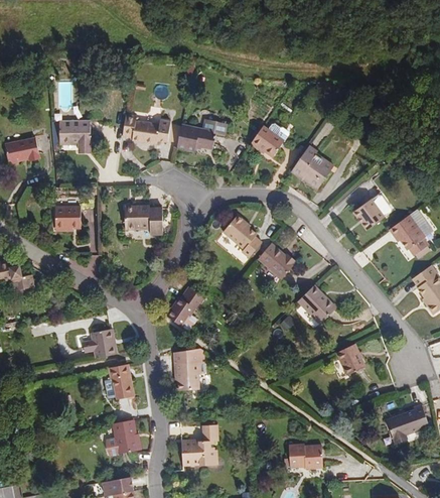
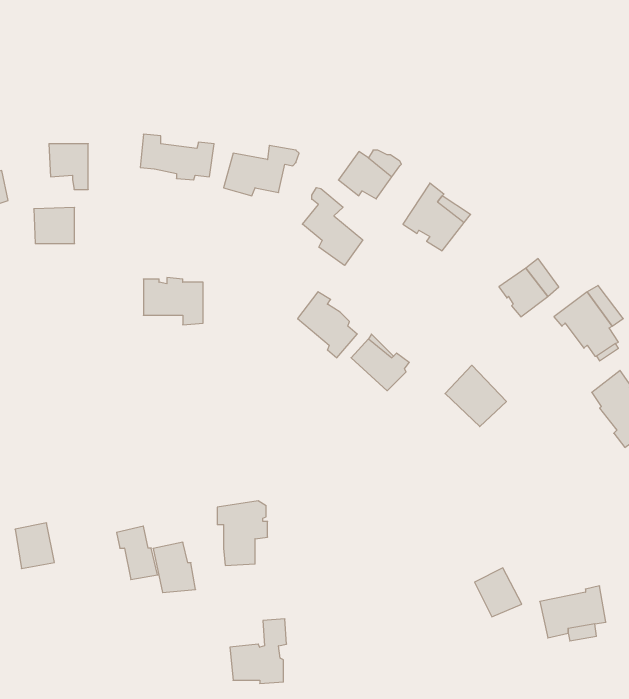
building: none -> [302,188,363,265]
building: [54,205,81,228] -> [34,207,75,244]
building: [296,284,335,324] -> [445,365,506,427]
building: [164,286,204,328] -> none
building: [91,329,116,358] -> [15,523,54,569]
building: [334,345,364,376] -> [475,568,522,617]
building: [114,420,141,453] -> [153,542,196,593]
building: [288,446,322,470] -> none

